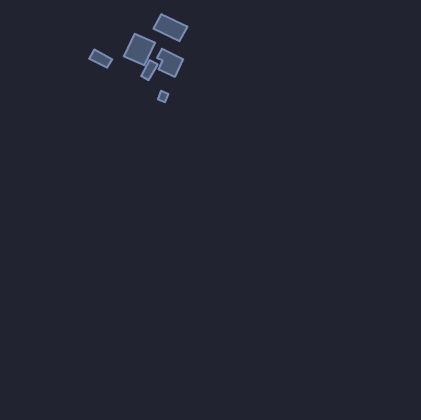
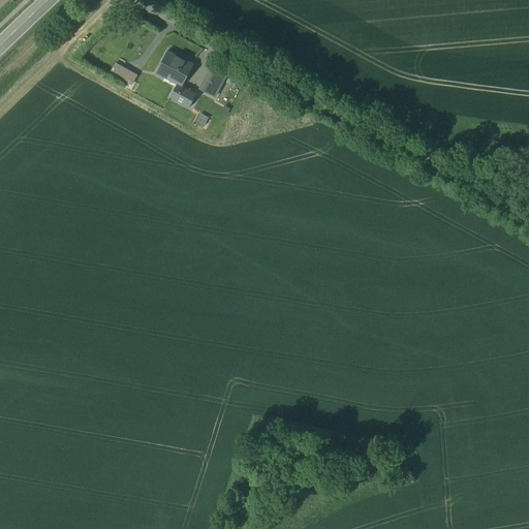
building: [154,14,187,41] -> none

